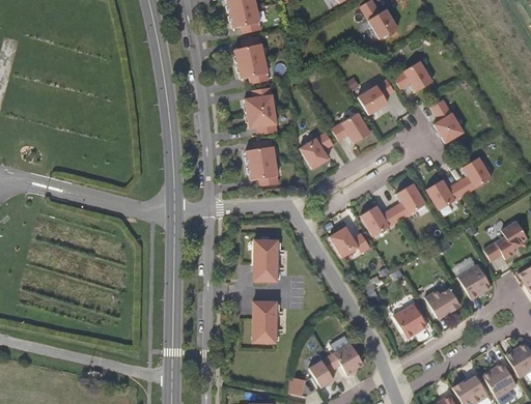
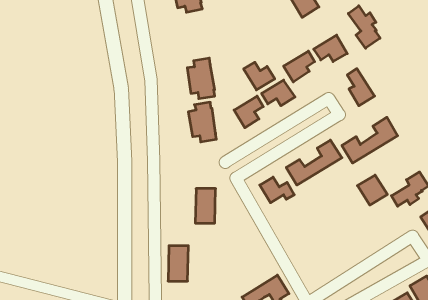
building: none -> [348,6,380,48]
building: [234,36,269,84] -> none
building: none -> [244,62,275,90]
building: [457,264,493,299] -> [357,175,387,205]
building: [425,284,460,318] -> none
building: [253,301,277,343] -> [168,246,188,281]
building: [393,304,427,339] -> none

